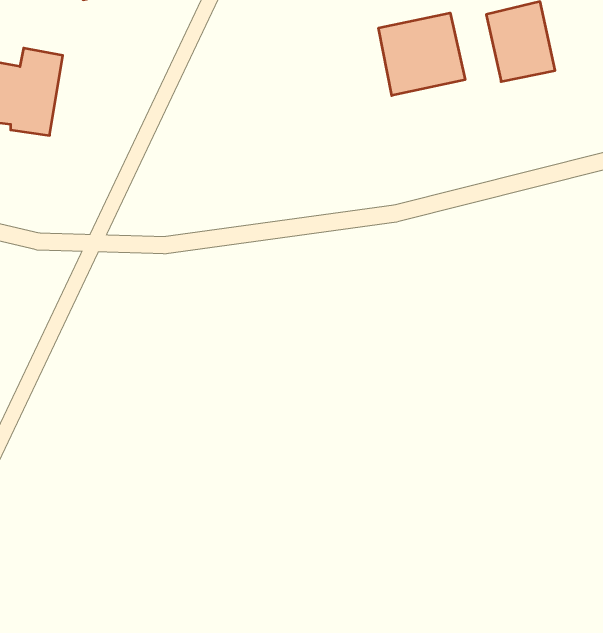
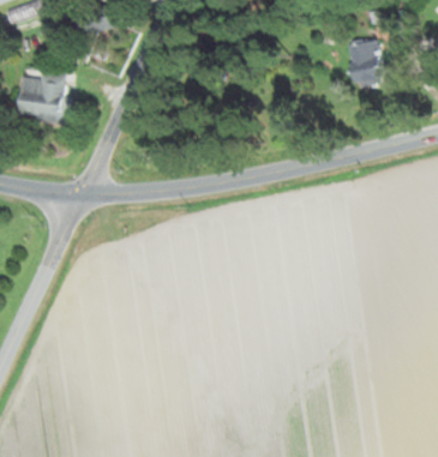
building: [379,13,465,96] -> none

